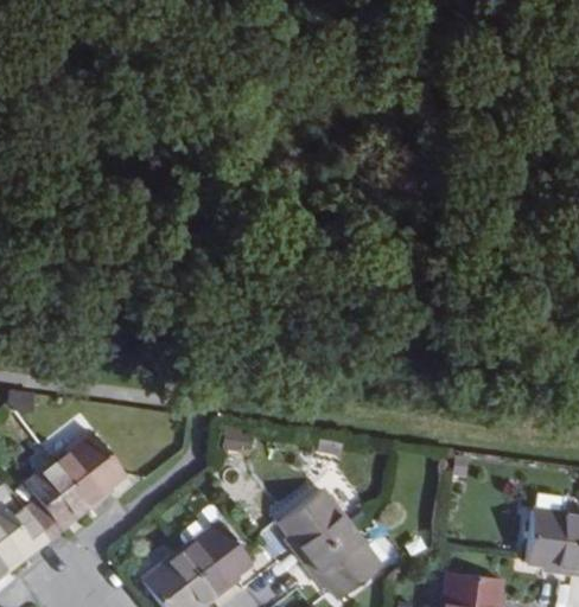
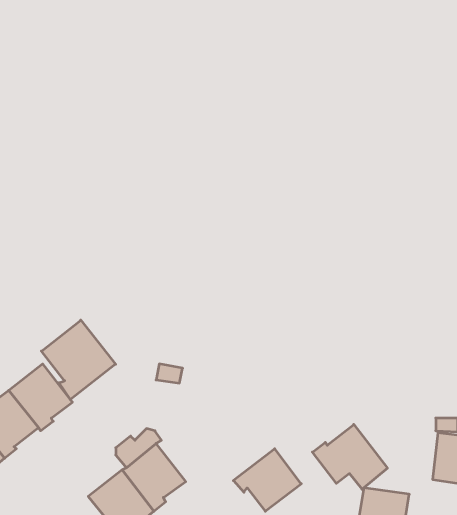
building: none -> [41,320,116,400]
building: [280,490,350,563] -> none
building: none -> [312,424,387,489]

